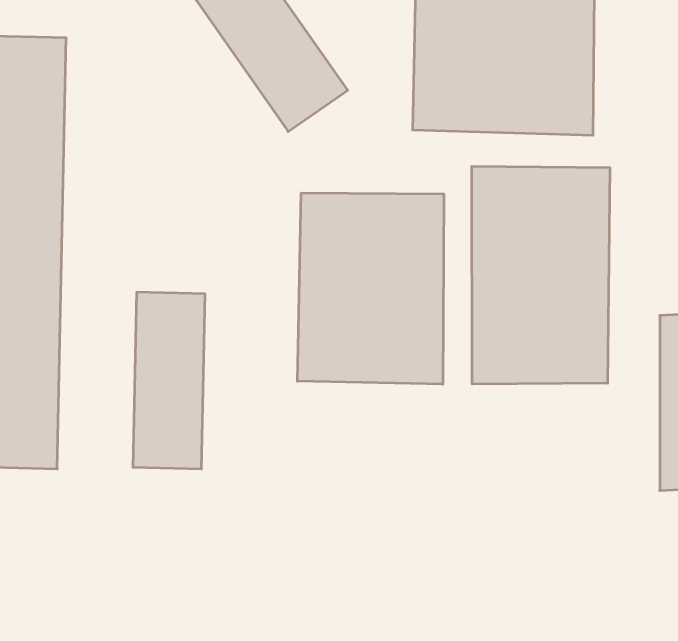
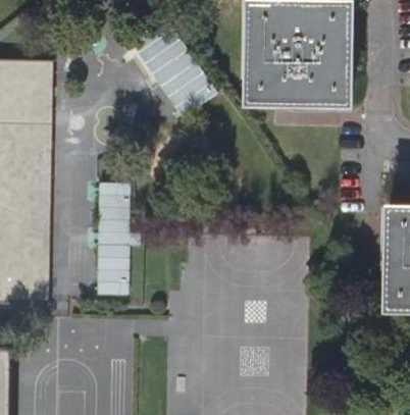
building: [472,166,610,384] -> none
building: [297,193,444,384] -> none

